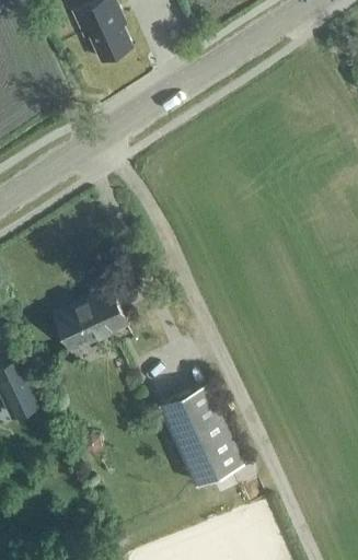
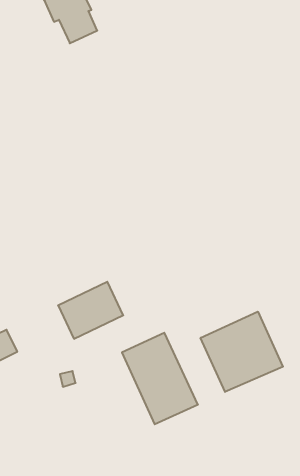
building: [55,288,127,351] -> [58,282,123,339]
building: none -> [201,312,283,392]

